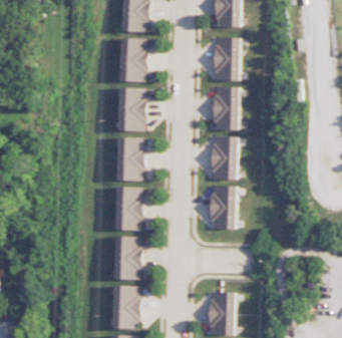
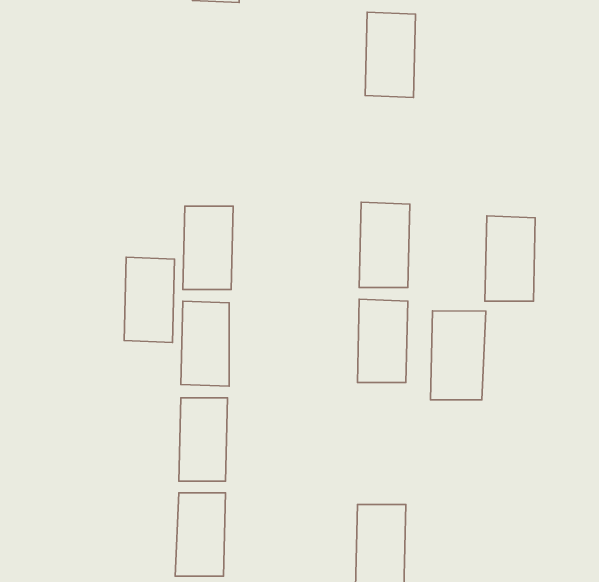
building: [122,39,146,81] -> none
building: [212,86,238,130] -> [485,216,535,301]
building: [119,87,145,131] -> [124,257,175,342]
building: none -> [430,311,486,400]

